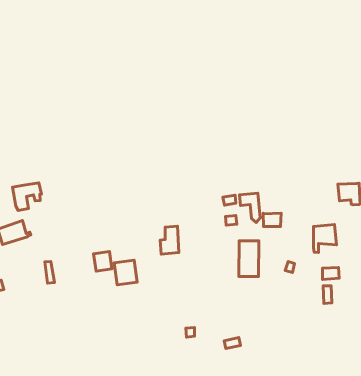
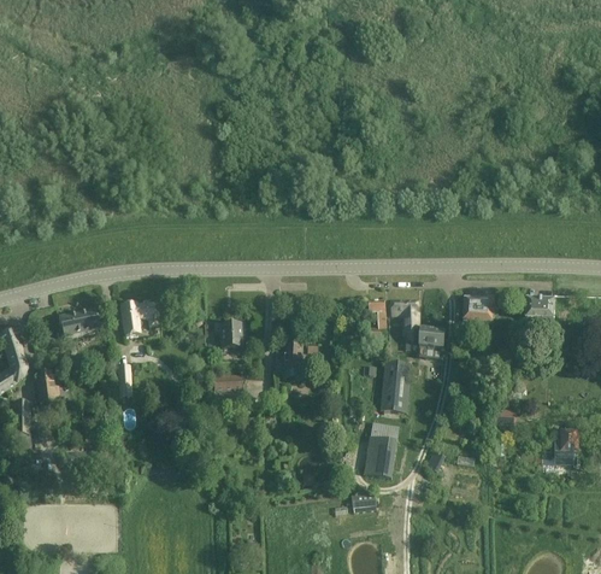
building: [12,183,42,210] -> [119,299,158,334]
building: [314,224,336,253] -> [461,295,493,332]
building: [94,251,112,271] -> [218,321,241,346]
building: none -> [364,434,396,478]

